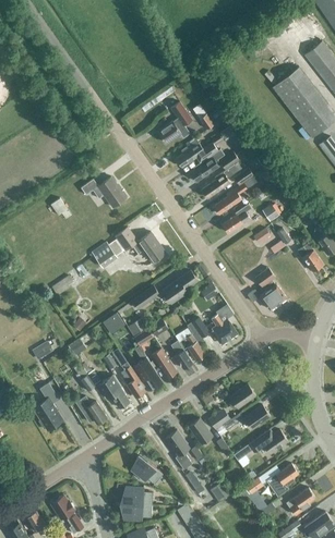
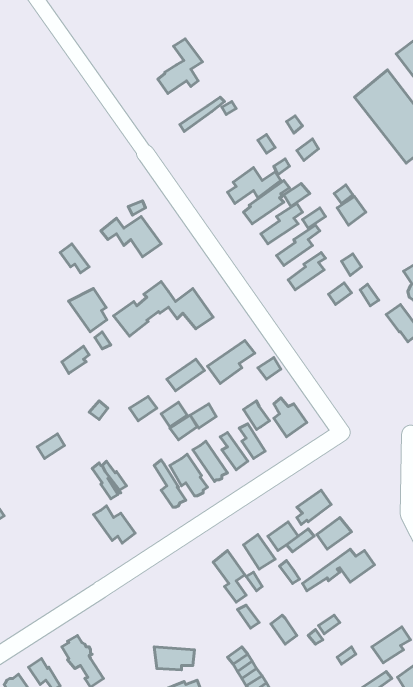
building: [158,102,192,144] -> [158,39,202,94]
building: none -> [68,289,107,332]
building: [255,268,287,310] -> none
building: [101,376,130,409] -> none
building: [33,383,63,430] -> none
building: [131,455,163,485] -> none
building: [267,464,298,496] -> none
building: [121,488,153,505] -> none

